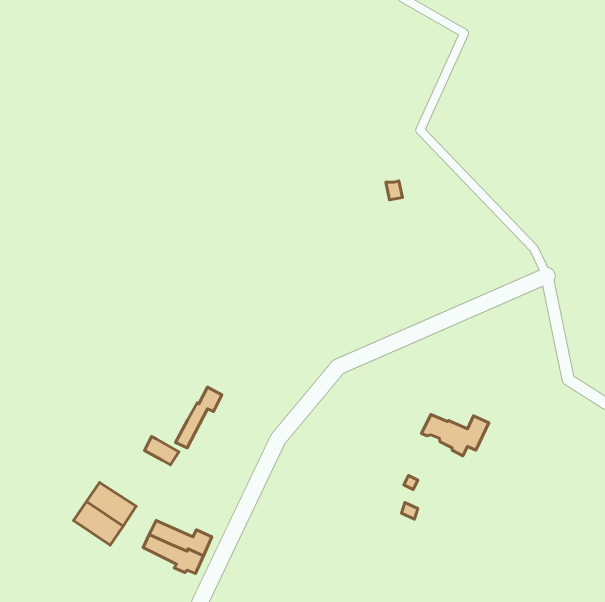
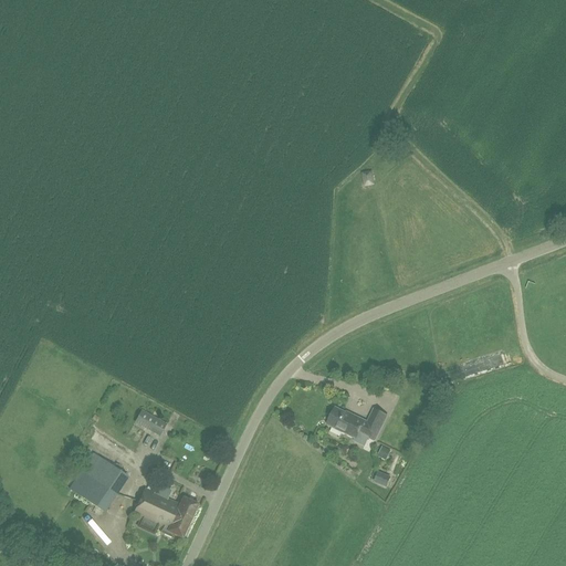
building: [176,387,222,448] -> none
building: [421,415,489,456] -> [325,406,388,444]

